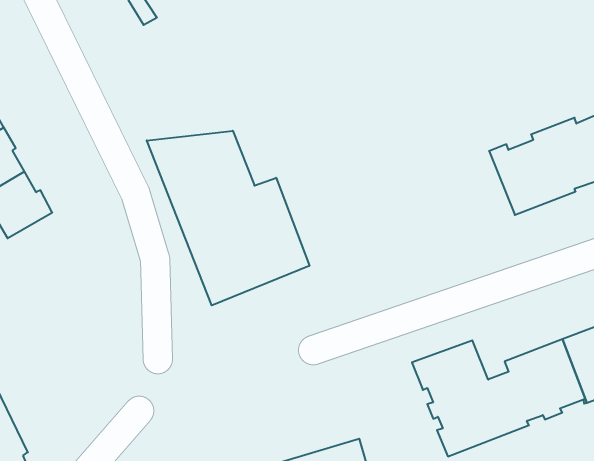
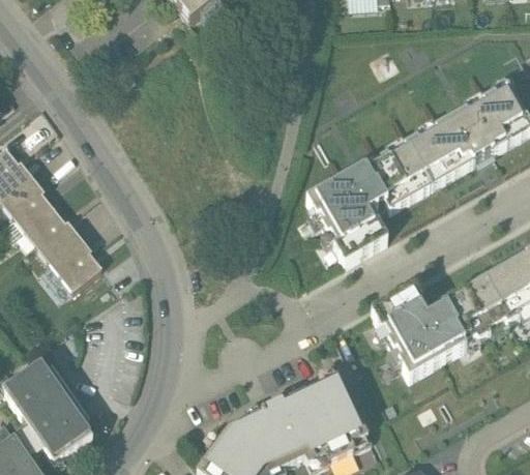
building: [147,131,309,305] -> none
building: none -> [306,139,432,262]
building: none -> [49,236,101,291]

